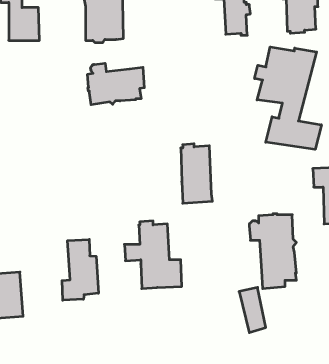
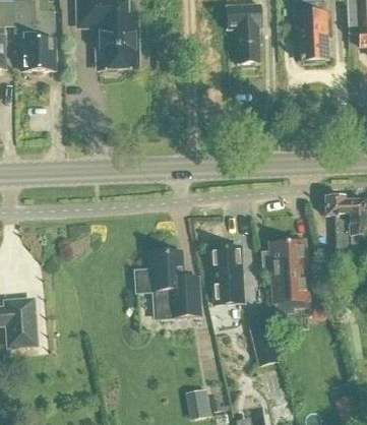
building: [255,47,321,149] -> none
building: [88,63,144,105] -> none
building: [181,144,212,203] -> [212,245,244,304]
building: [62,239,98,300] -> none

